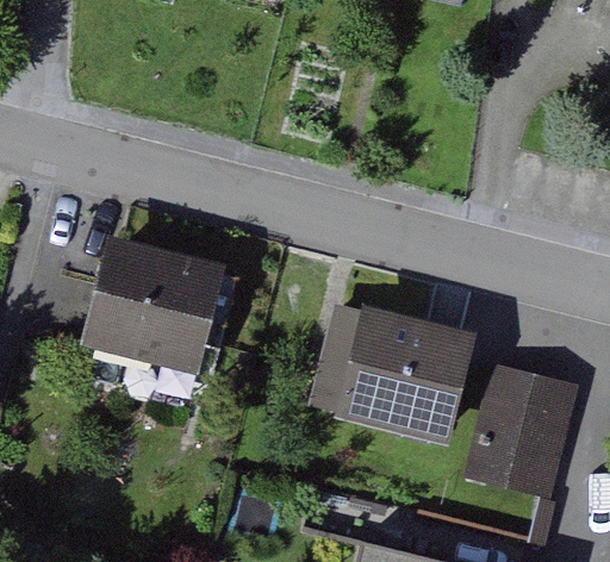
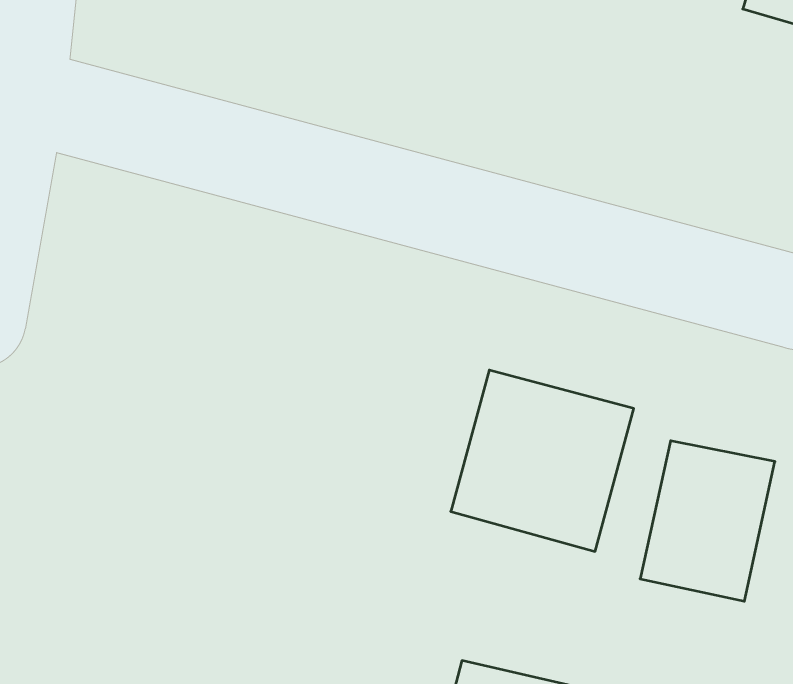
building: [80,241,222,370] -> none

